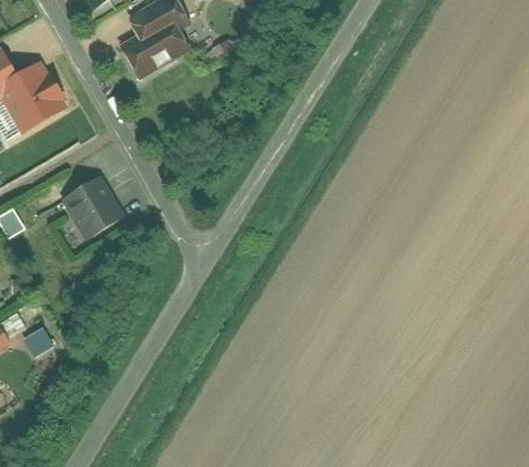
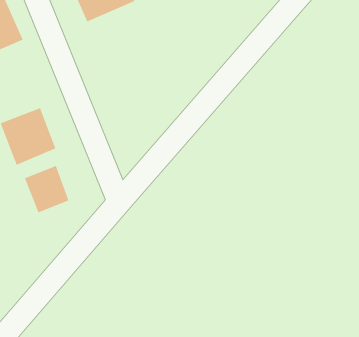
building: none -> [24,165,69,213]

